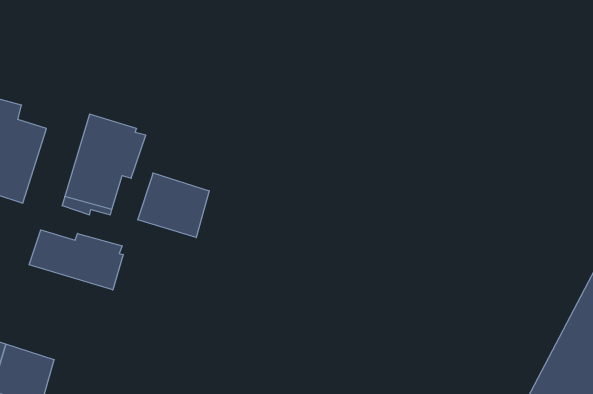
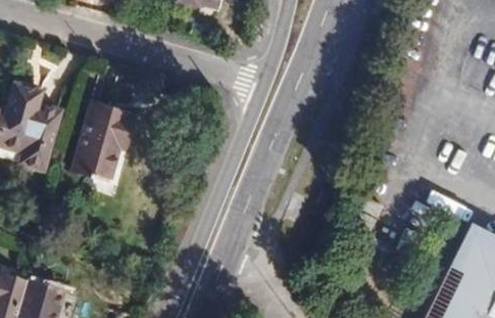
building: [138,173,209,238] -> none
building: [29,230,123,290] -> none

